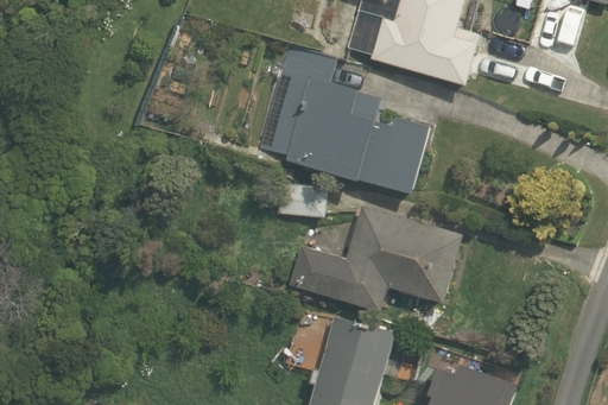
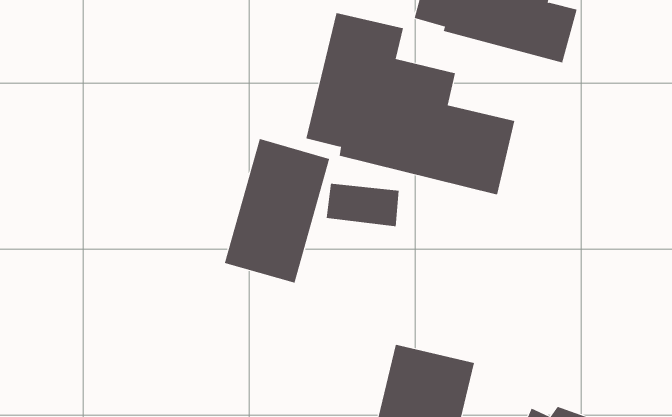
building: none -> [224,138,330,284]
building: [286,204,462,310] -> none

